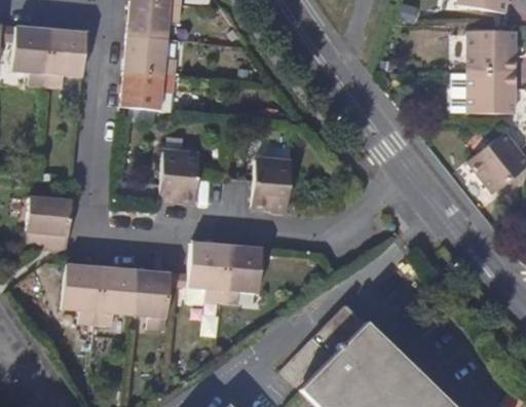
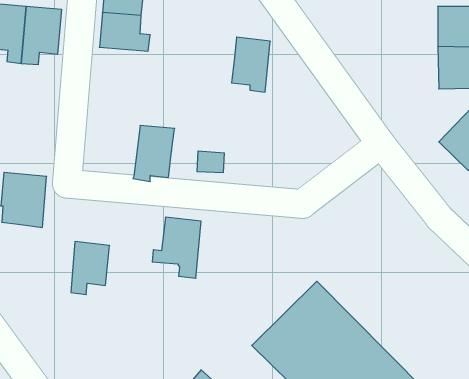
building: [122,70,175,110] -> none
building: [253,159,292,215] -> [232,37,270,92]
building: [223,246,261,304] -> none
building: [69,263,101,318] -> none
building: [132,270,171,324] -> none

